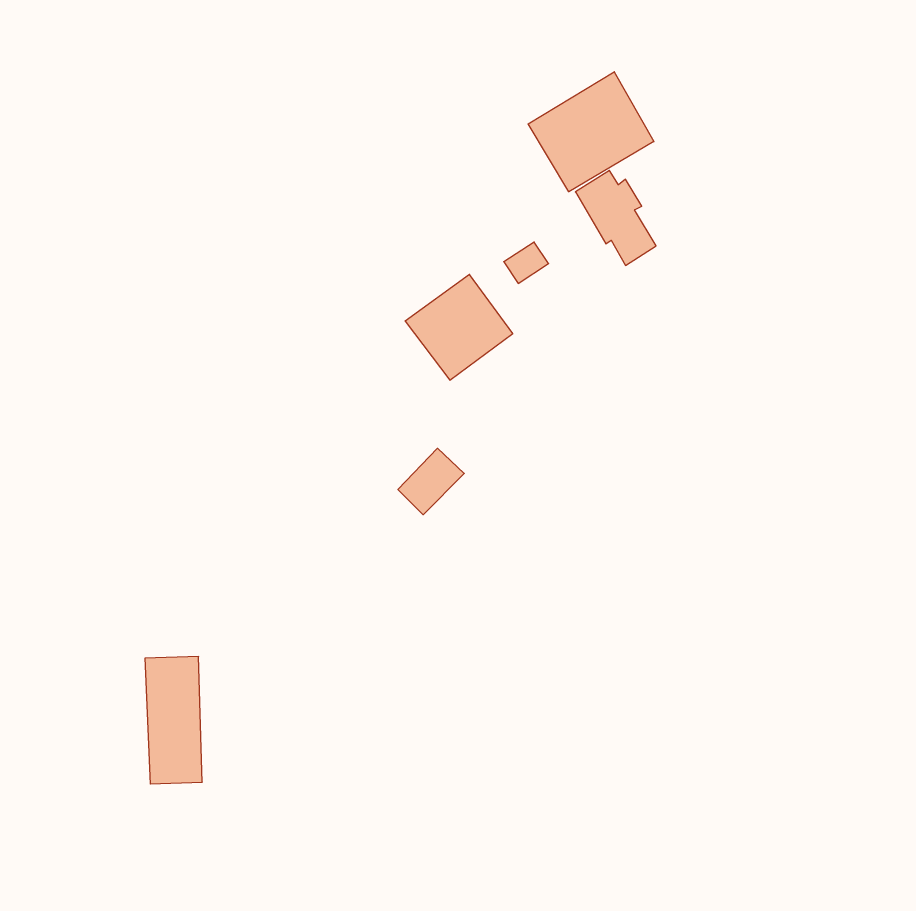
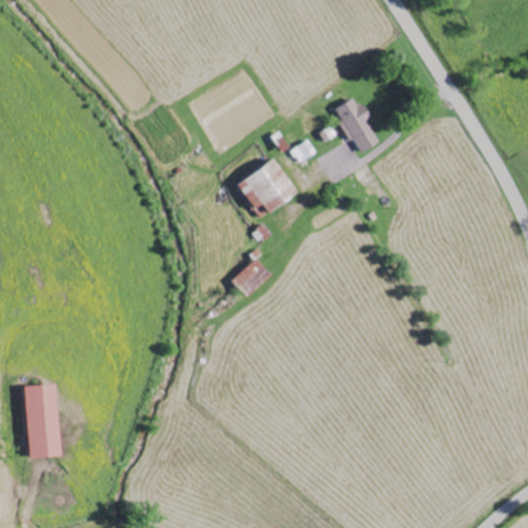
building: [528,72,654,192] -> none
building: [145,657,202,784] -> [28,385,61,458]

